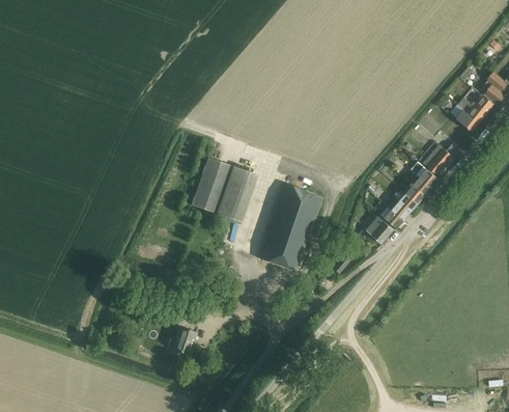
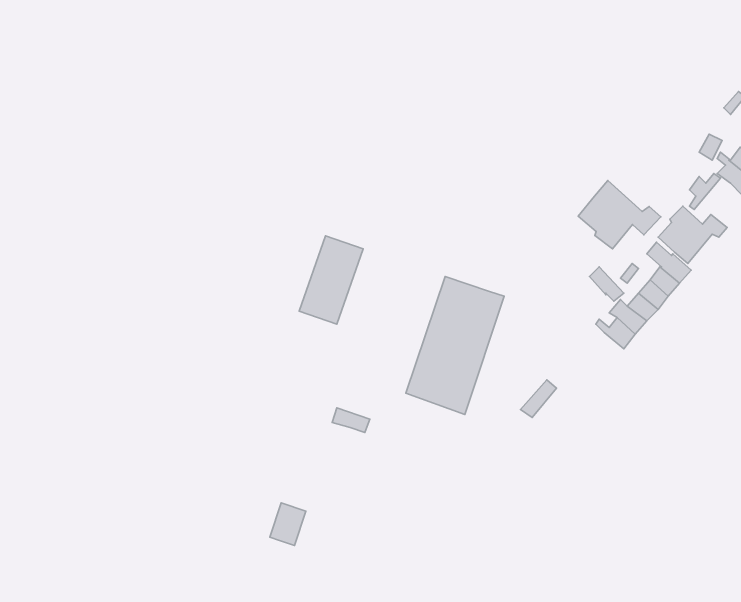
building: none -> [578,181,661,249]
building: [216,166,256,221] -> none
building: [365,216,393,244] -> none

